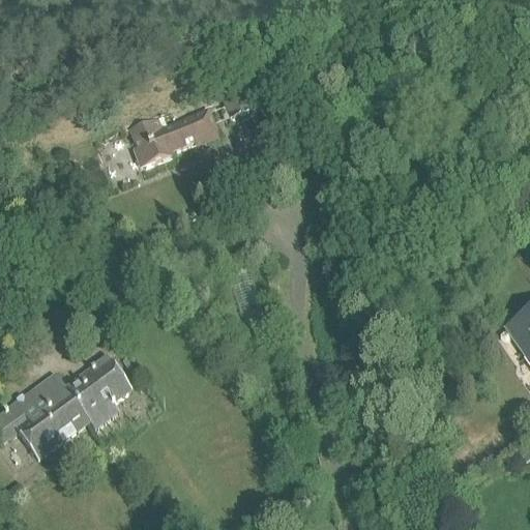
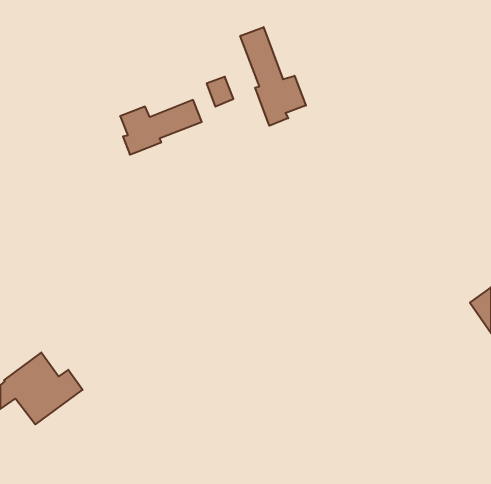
building: none -> [240,27,306,126]
building: [45,354,132,428] -> none

